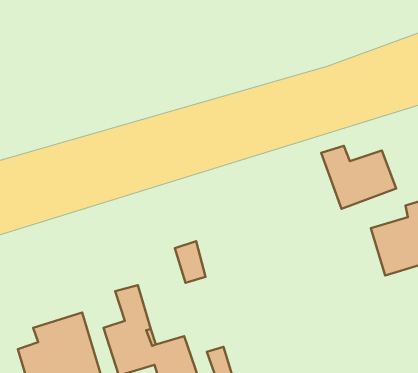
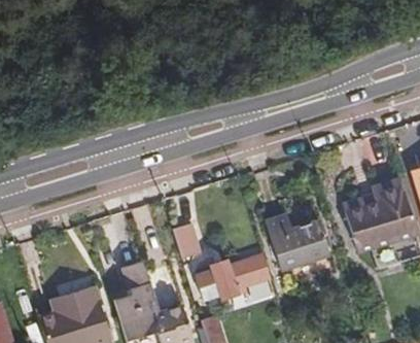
building: [321,146,396,209] -> [262,214,327,269]
building: none -> [195,254,267,299]

